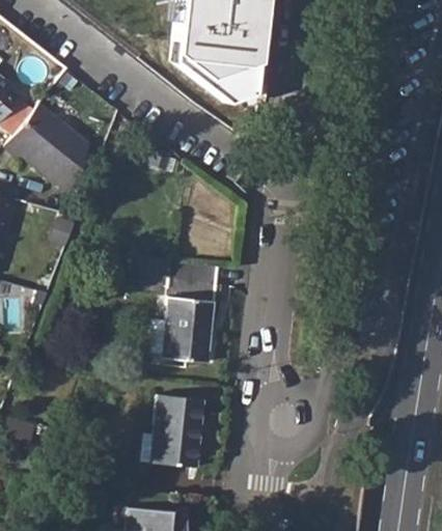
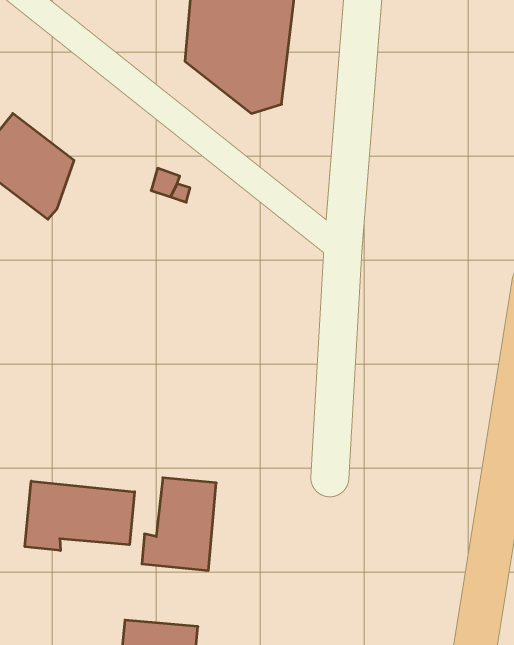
building: [162,261,218,362] -> none
building: none -> [25,481,135,551]

